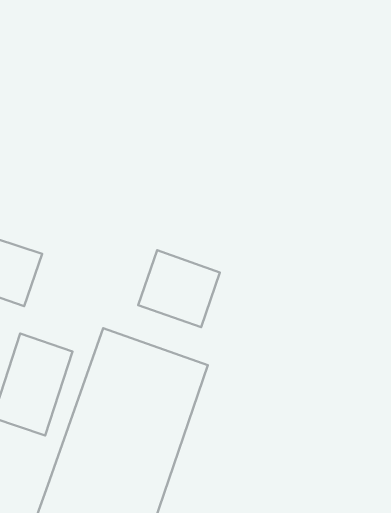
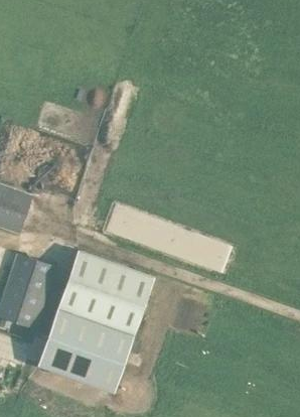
building: [138,250,220,327] -> none

